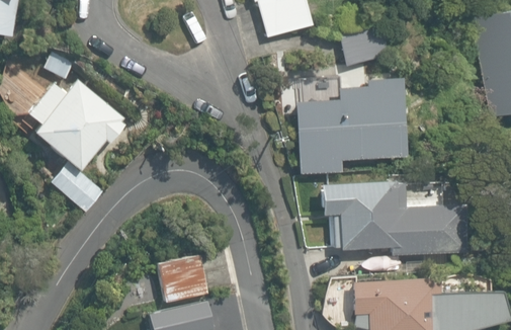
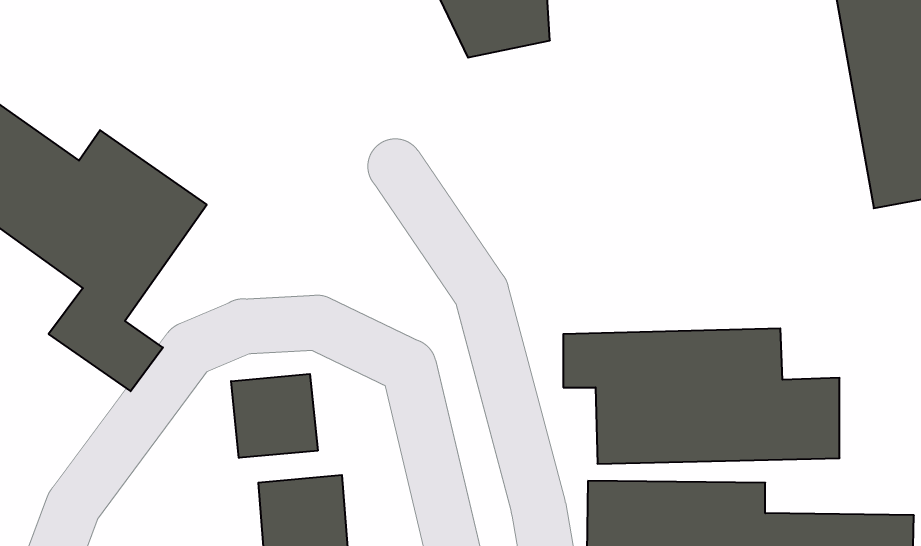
building: [339,25,392,70] -> none
building: [299,74,393,173] -> none
building: none -> [231,374,318,458]

